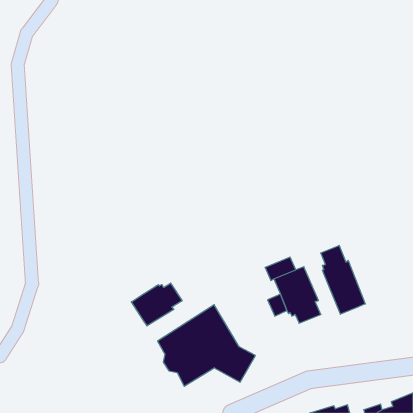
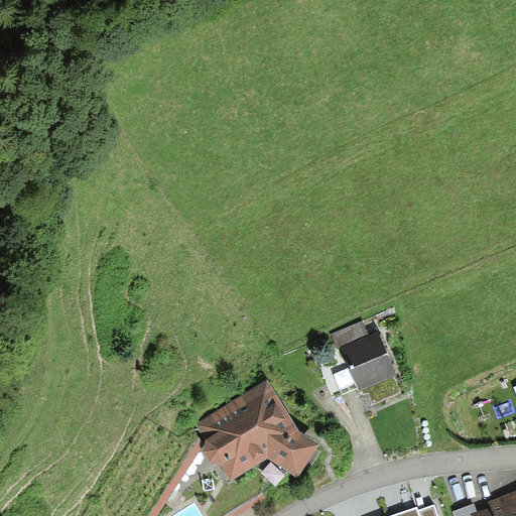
building: [321,245,365,314] -> none
building: [131,283,182,326] -> none

